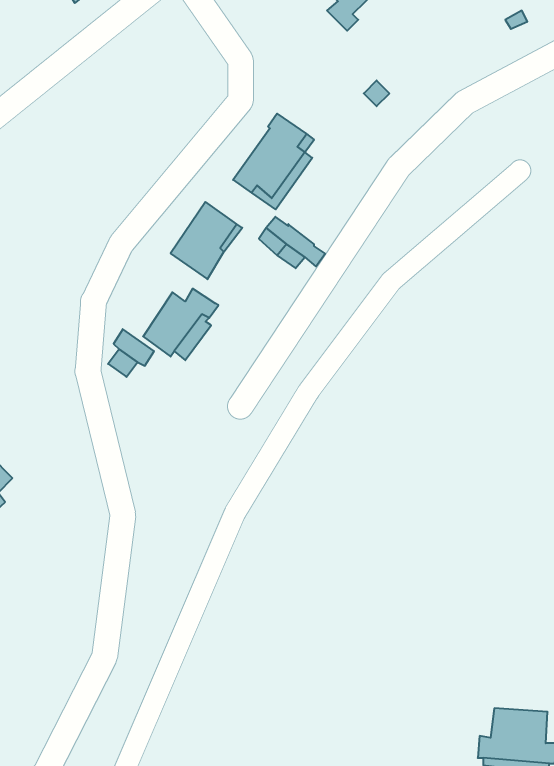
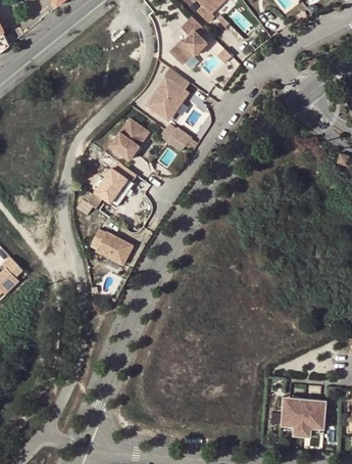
building: none -> [168,16,207,64]
building: none -> [91,228,133,264]

